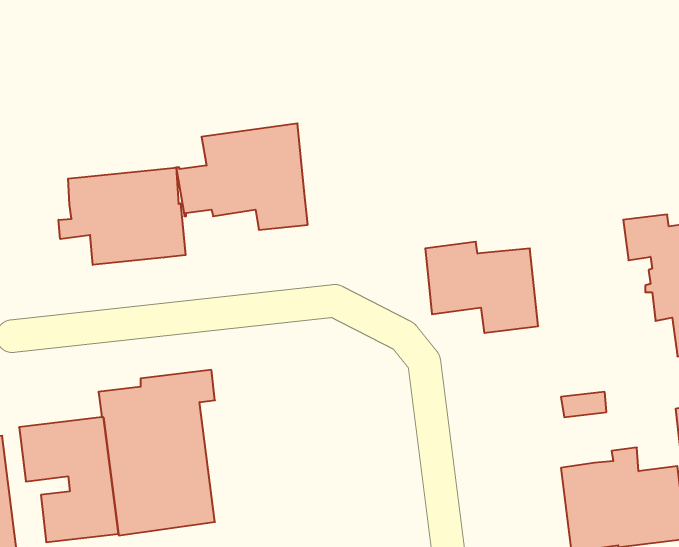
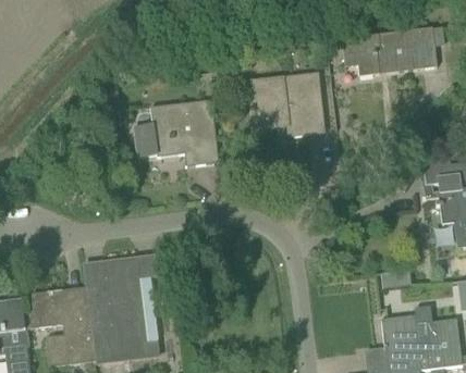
building: none -> [341,25,445,75]
building: [59,167,186,265] -> none
building: [425,242,538,333] -> [250,76,323,135]

